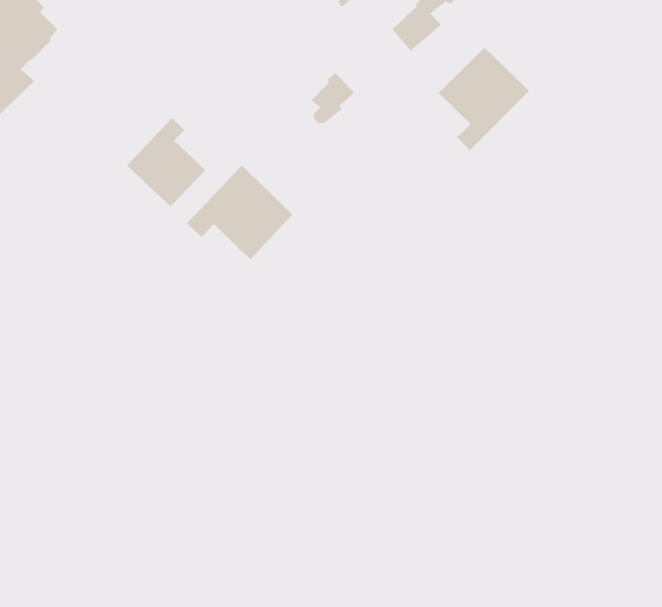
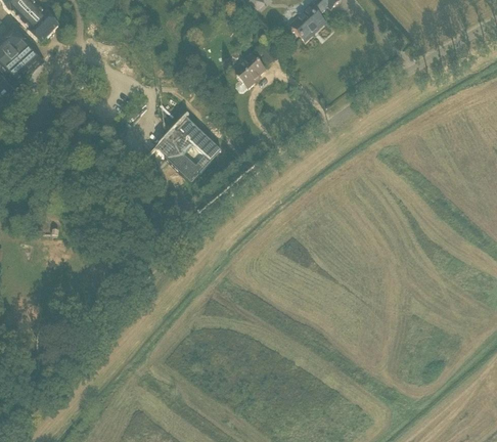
building: [438,47,530,151] -> none
building: [126,117,206,207] -> none

